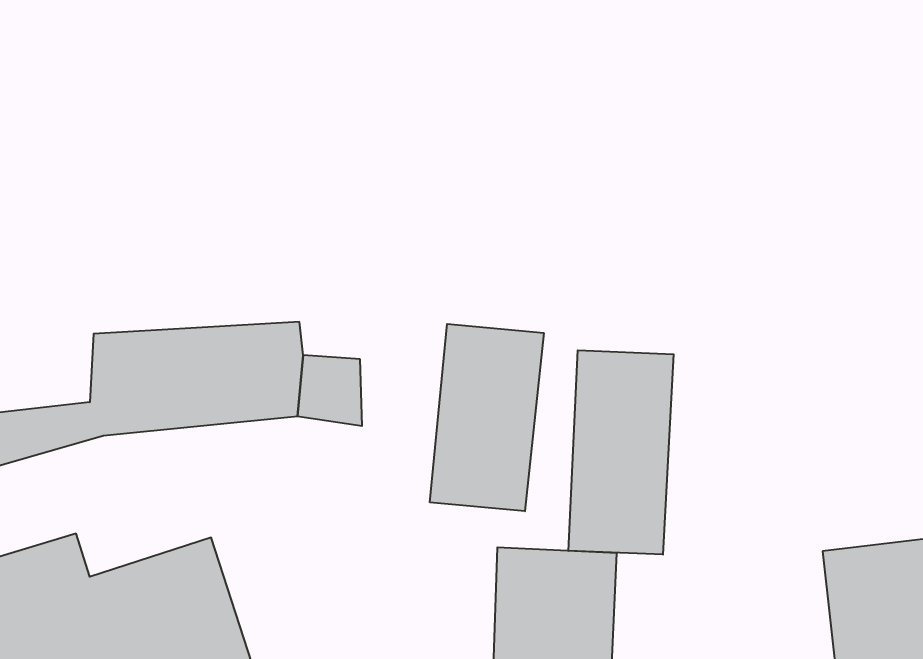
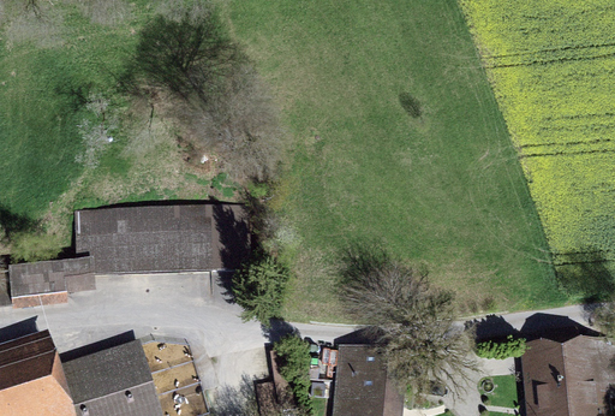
building: [430,324,544,511] -> none
building: [568,350,674,555] -> none

